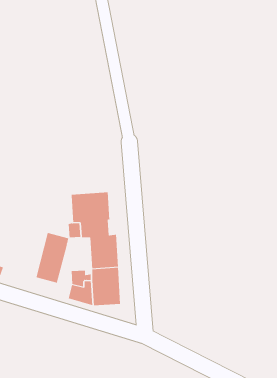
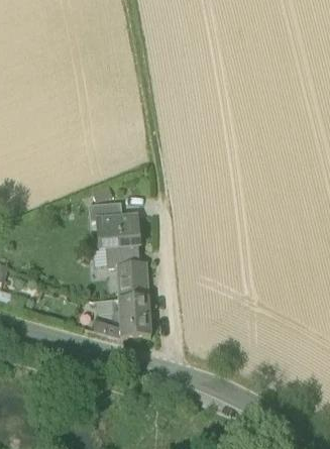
building: none -> [89,204,122,223]
building: [36,232,69,284] -> none

